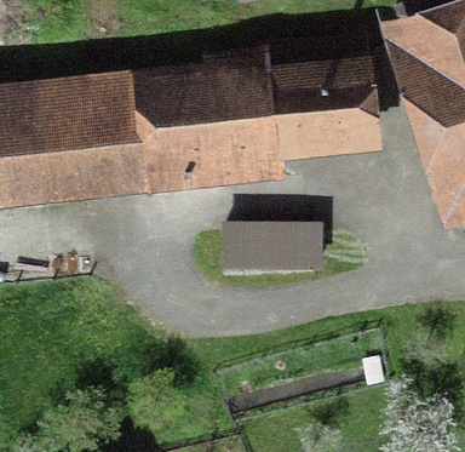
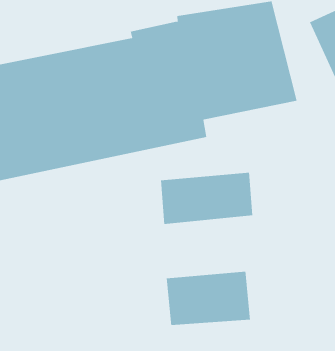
building: none -> [166,271,251,326]

